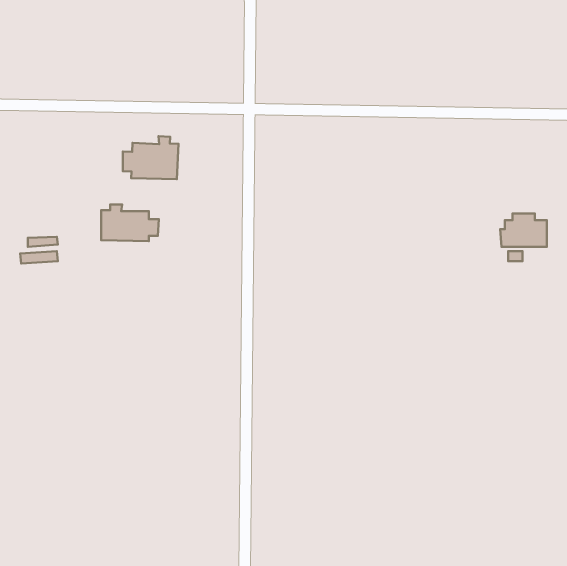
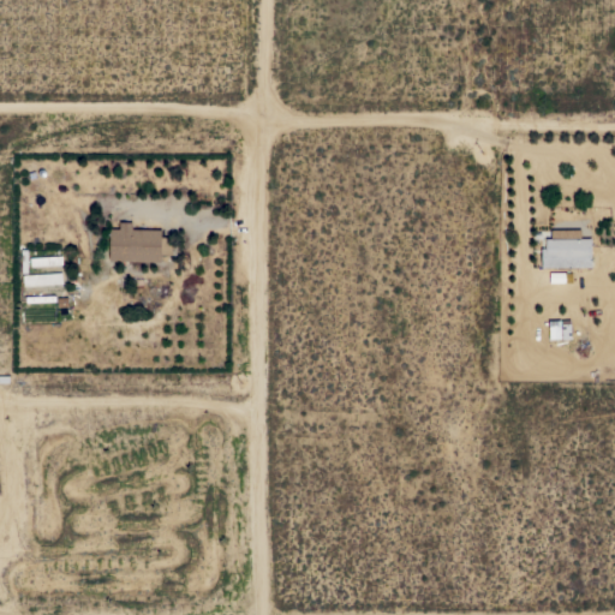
building: [123,136,178,179] -> none

